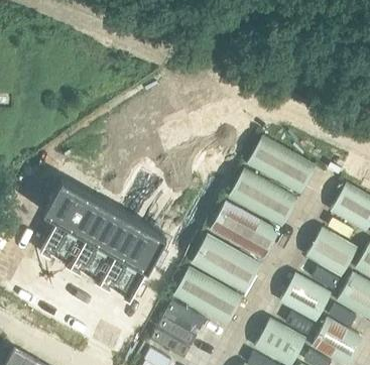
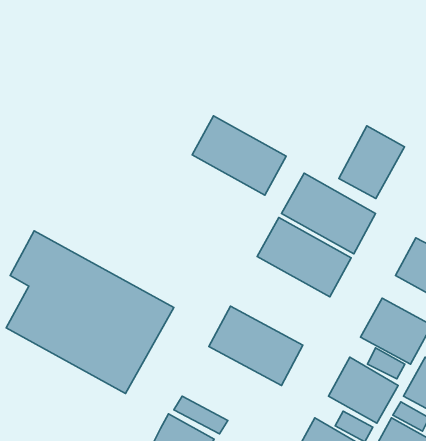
building: none -> [339,126,405,198]
building: [209,202,279,261] -> [192,116,286,195]
building: [171,267,243,327] -> none

